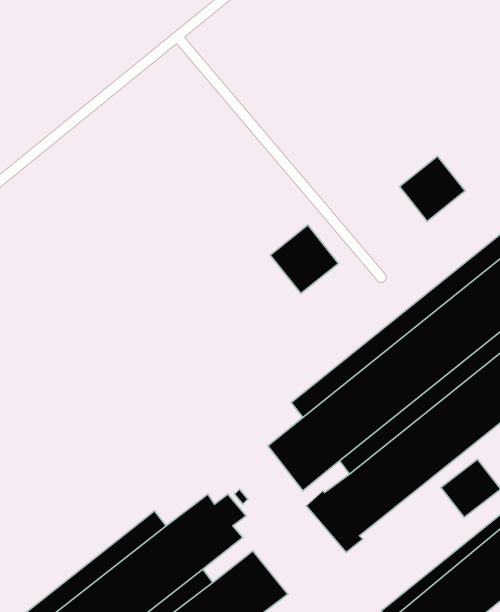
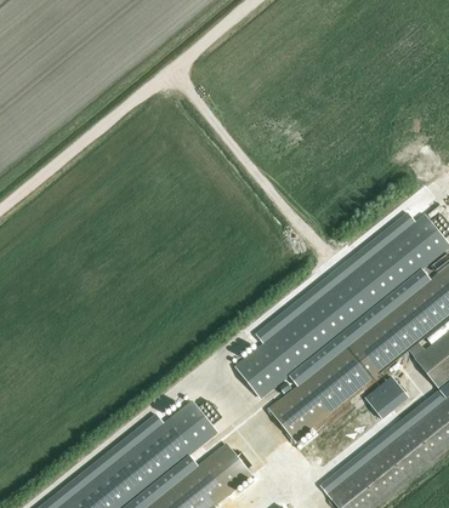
building: [400,156,465,221] -> none
building: [270,225,339,294] -> none

